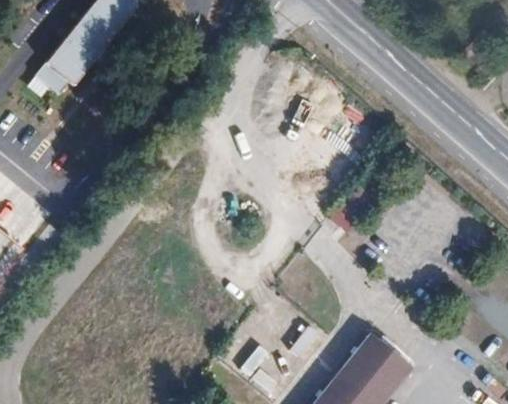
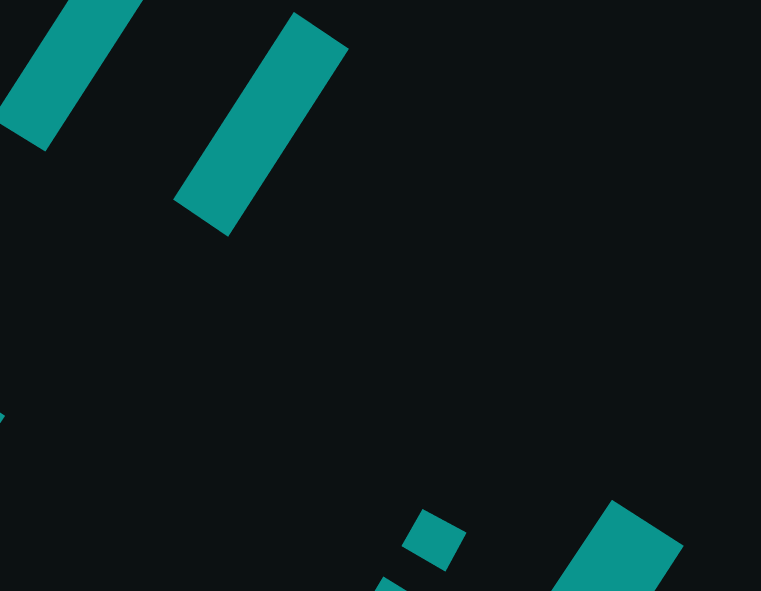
building: none -> [172,11,350,238]

